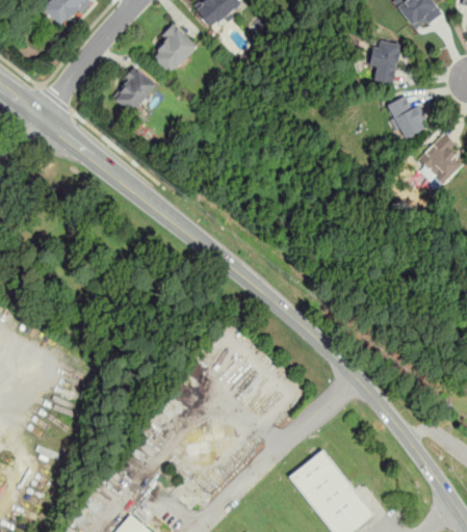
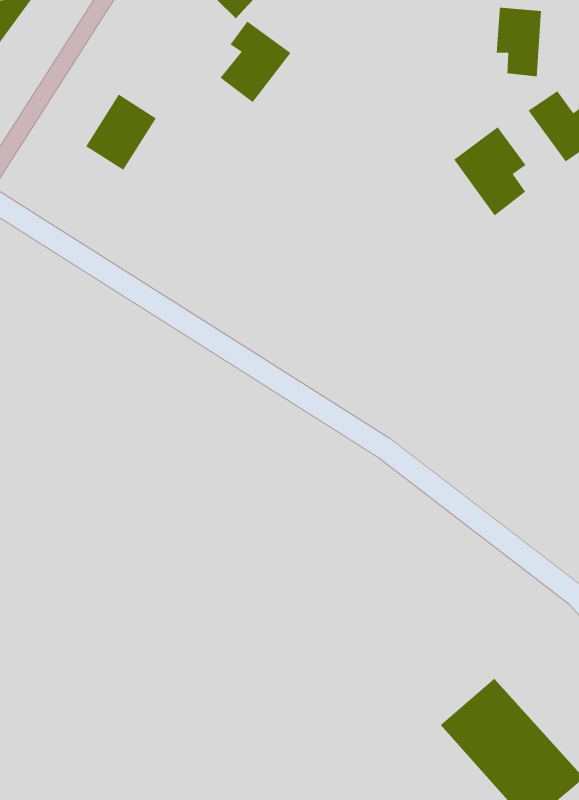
building: [152,23,198,74] -> [220,20,292,103]
building: none -> [453,126,527,216]

